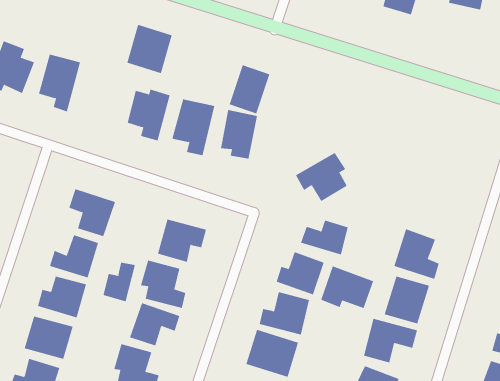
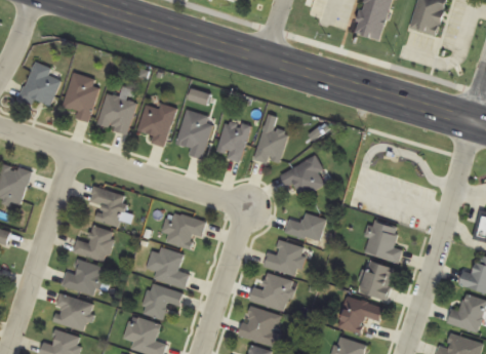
building: [126,24,173,74] -> [96,91,135,133]
building: [229,65,270,114] -> [253,123,288,165]
building: [103,262,136,302] -> none
building: [320,266,374,309] -> none

